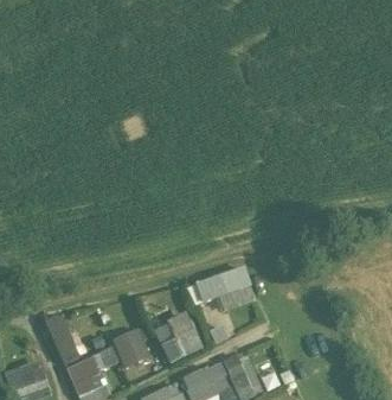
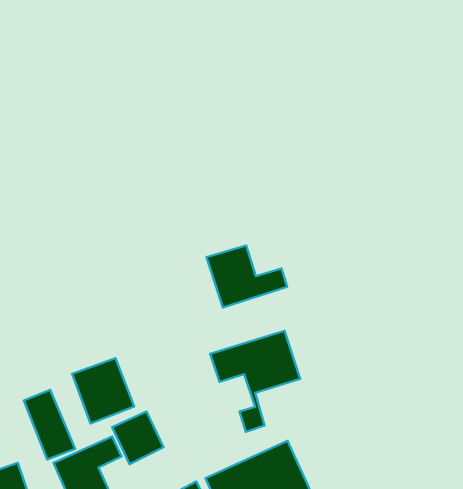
building: none -> [207,245,287,307]
building: [154,312,201,362] -> [72,358,134,423]

